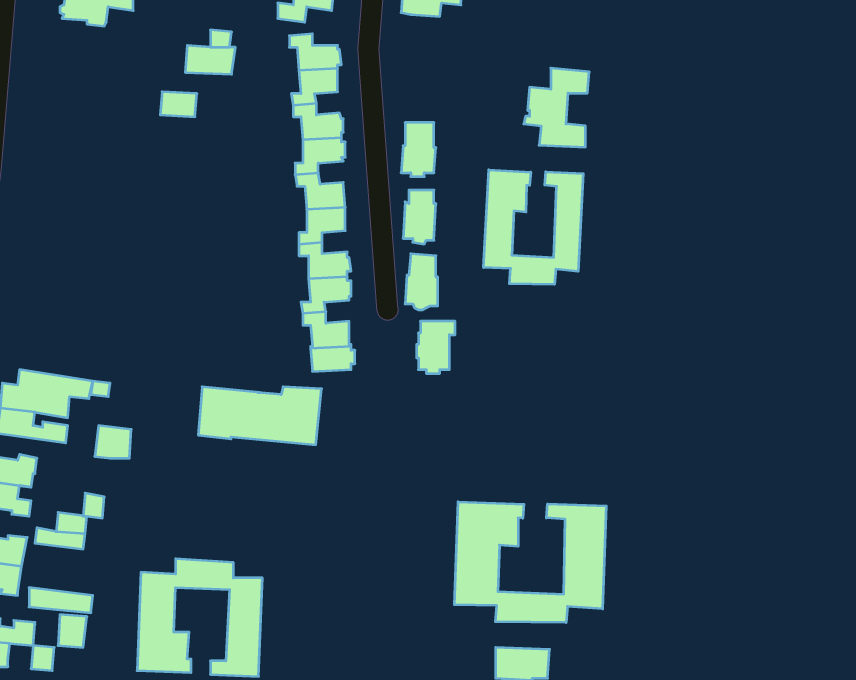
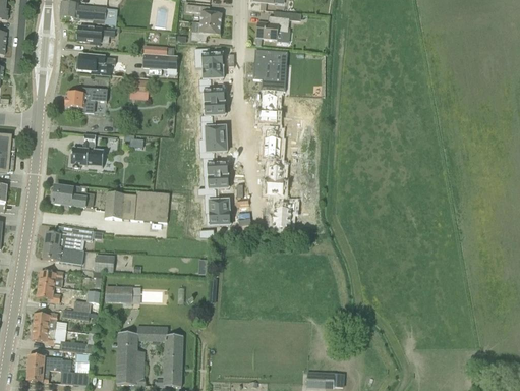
building: none -> [78,54,111,73]
building: [524,68,589,147] -> [254,49,289,91]
building: none -> [65,87,108,112]
building: [484,170,583,284] -> none
building: none -> [71,133,104,167]
building: none -> [53,183,94,207]
building: [198,387,322,445] -> [105,191,170,222]
building: none -> [106,285,132,301]
building: [454,502,606,623] -> none

